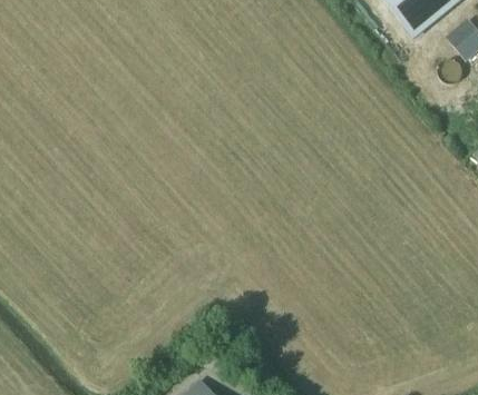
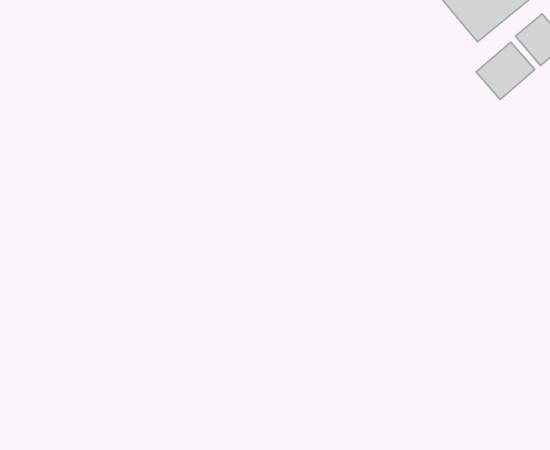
building: none -> [476,42,535,99]

